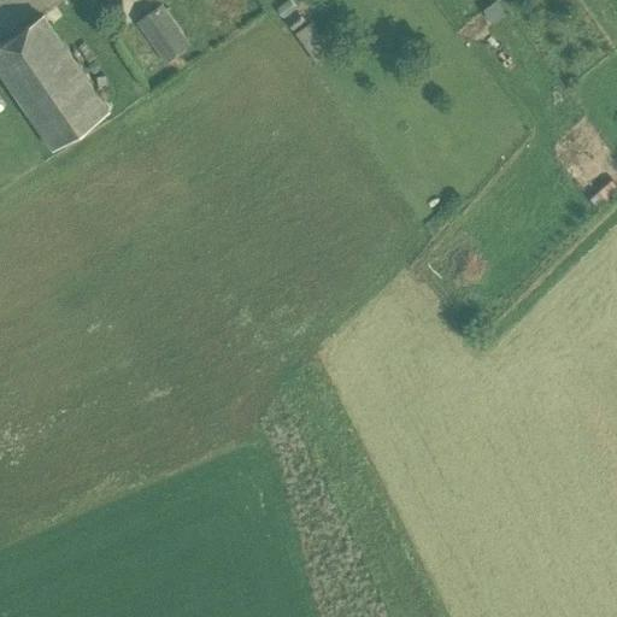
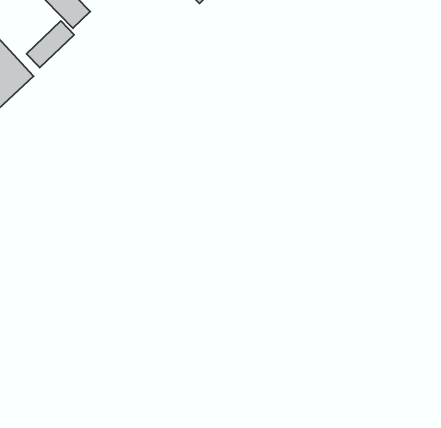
building: none -> [27,21,74,68]

